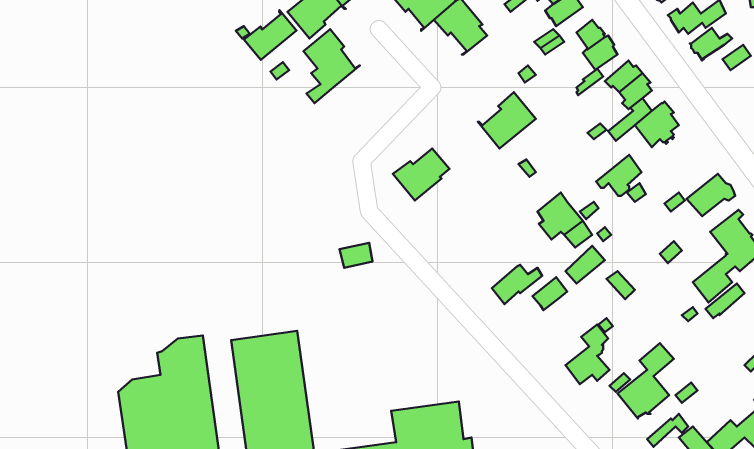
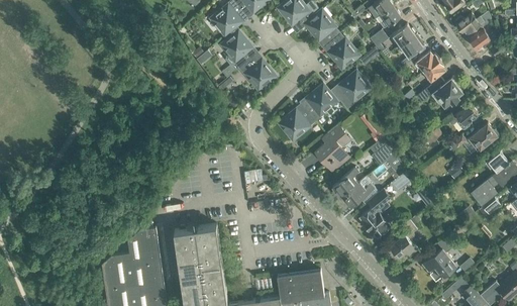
building: [244,10,296,60] -> none
building: none -> [323,34,358,70]
building: none -> [239,54,275,91]
building: none -> [299,85,336,120]
building: [596,155,642,196] -> [447,103,477,129]
building: none -> [316,125,349,171]
building: none -> [331,168,358,198]
building: none -> [359,208,390,238]

